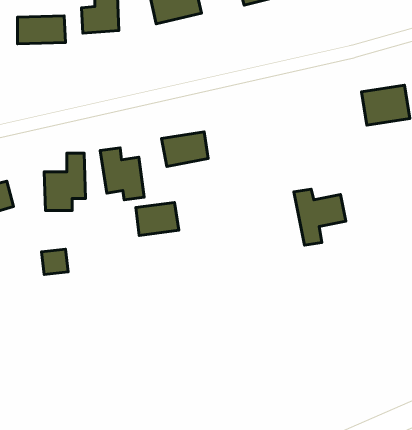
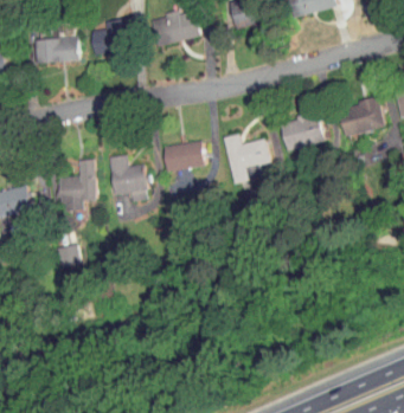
building: none -> [280,112,326,151]
building: [294,189,346,245] -> [223,135,269,185]
building: [136,202,179,235] -> none

